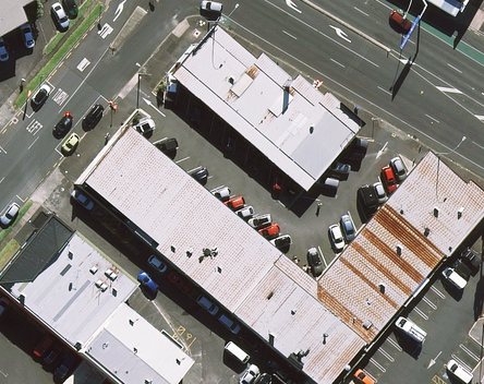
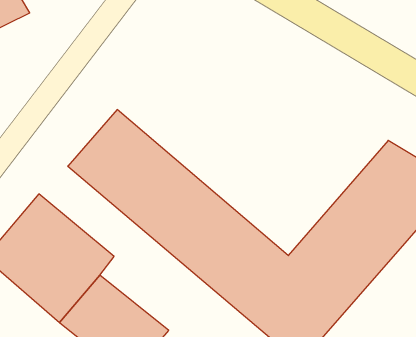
building: [177,28,353,180] -> none

